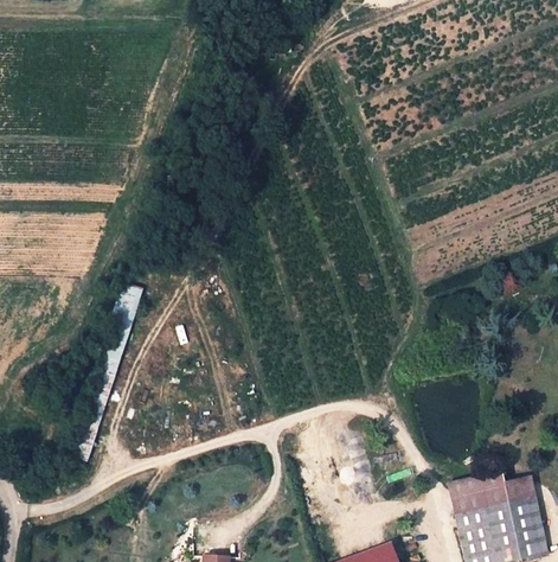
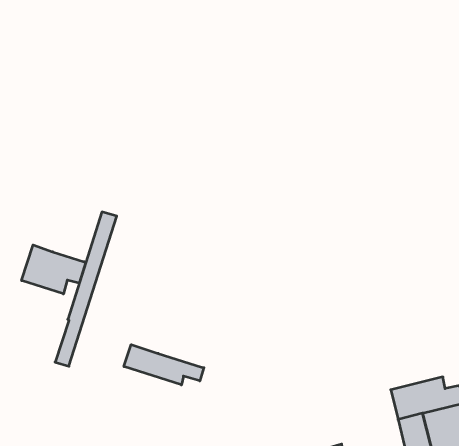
building: none -> [22,245,86,294]
building: none -> [124,345,204,385]

